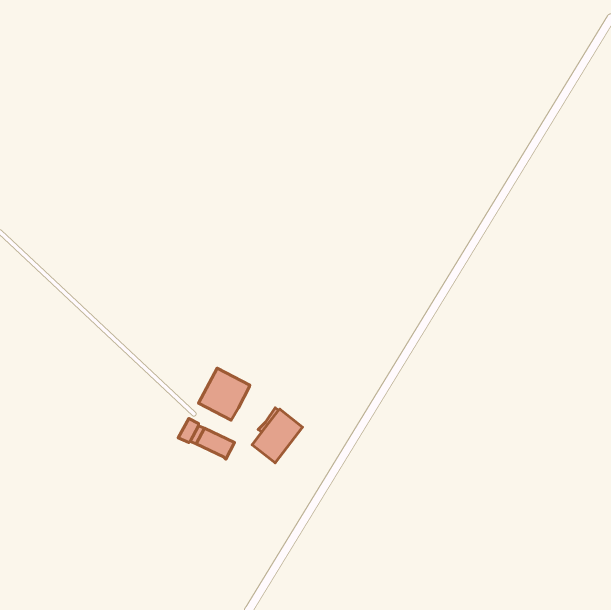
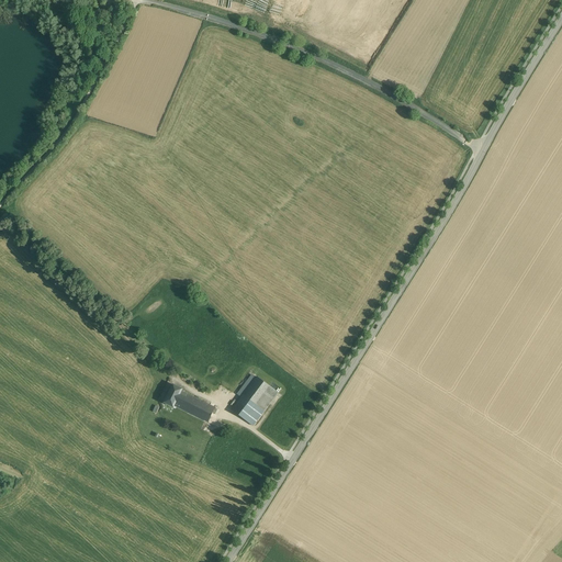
building: [198,368,250,420] -> none

